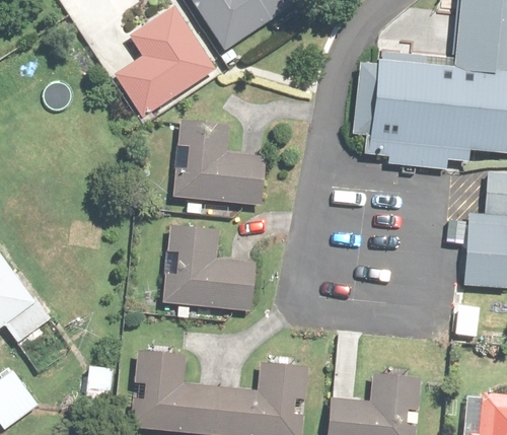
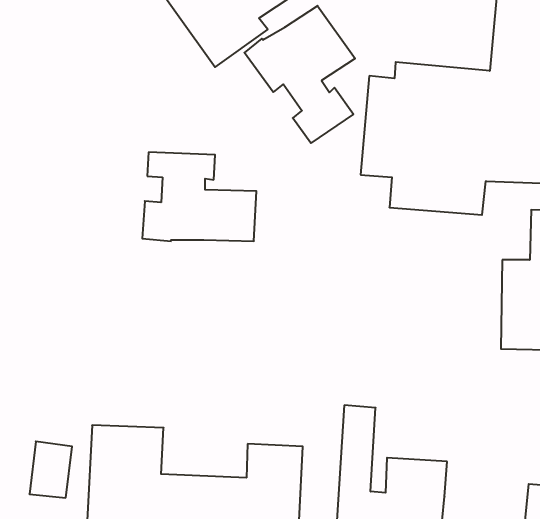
building: [97,14,198,123] -> none
building: none -> [244,6,355,143]
building: [146,235,237,317] -> none

